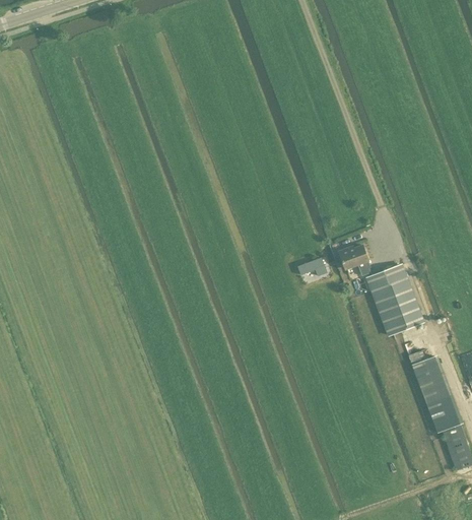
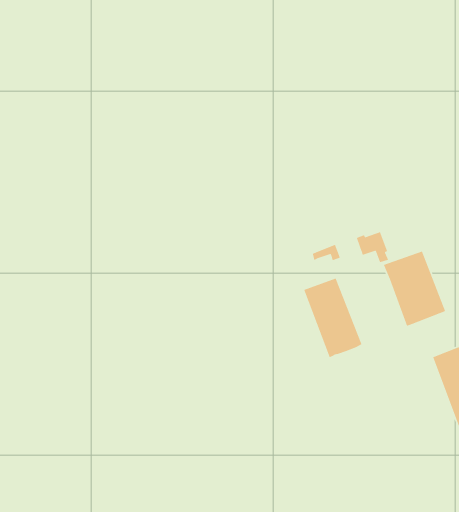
building: none -> [303,278,362,358]

